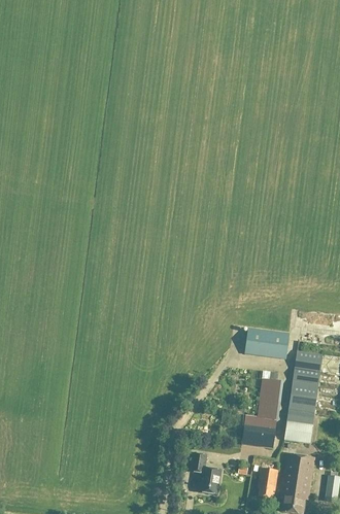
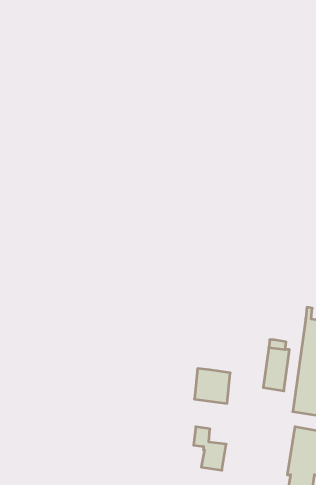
building: [244,327,288,358] -> none
building: [242,414,276,447] -> [194,369,230,403]
building: [257,467,277,496] -> none

